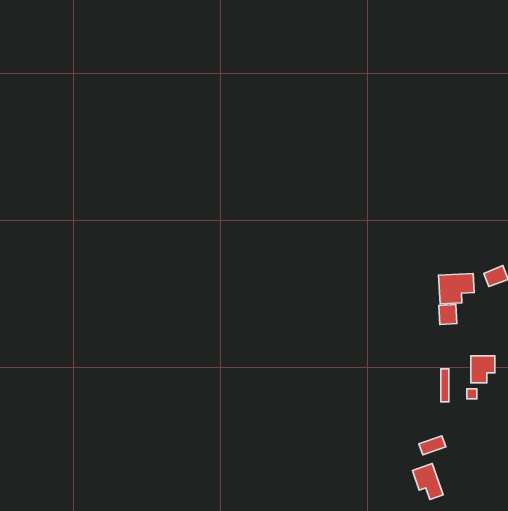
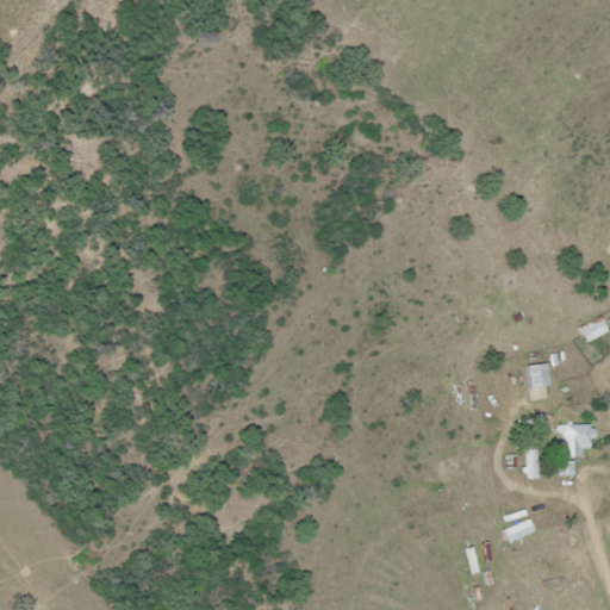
building: [439,273,474,304] -> none
building: [412,464,443,499] -> none

